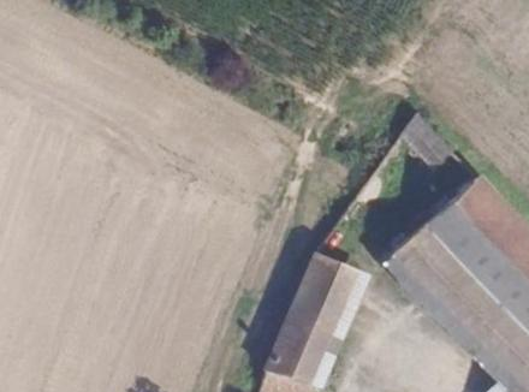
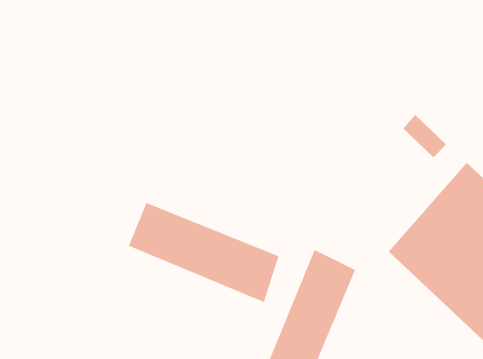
building: none -> [128,202,279,303]

